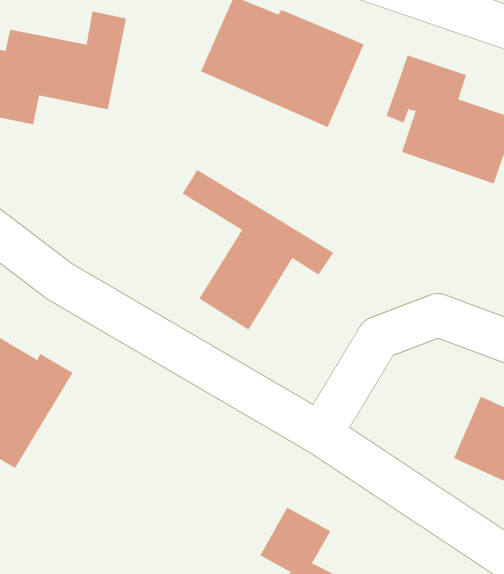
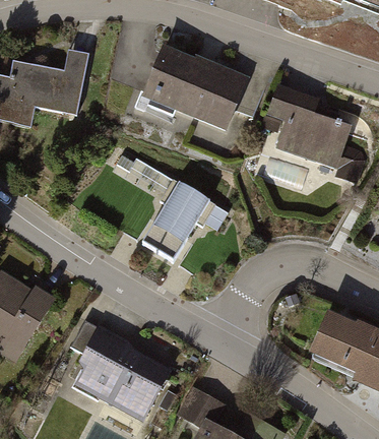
building: none -> [75,327,180,423]

